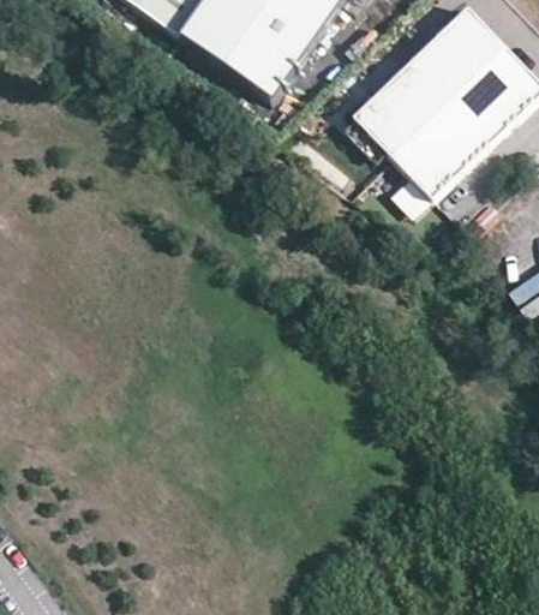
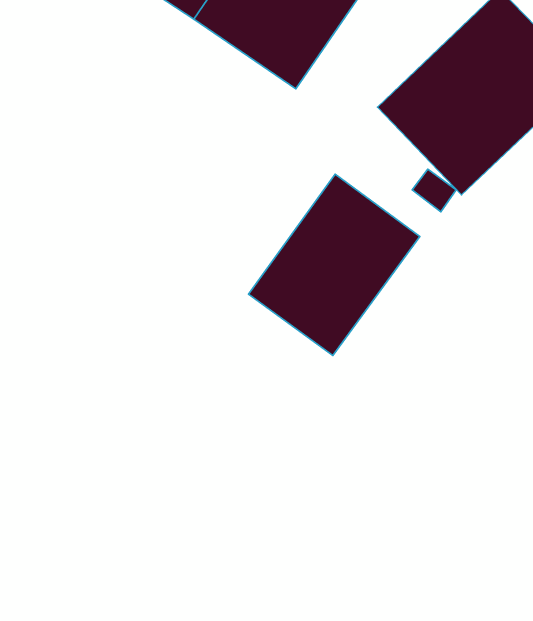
building: none -> [249,174,420,356]

